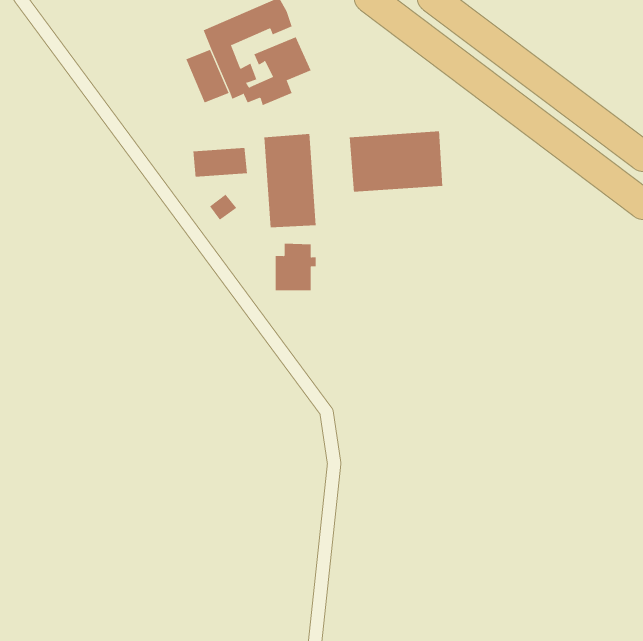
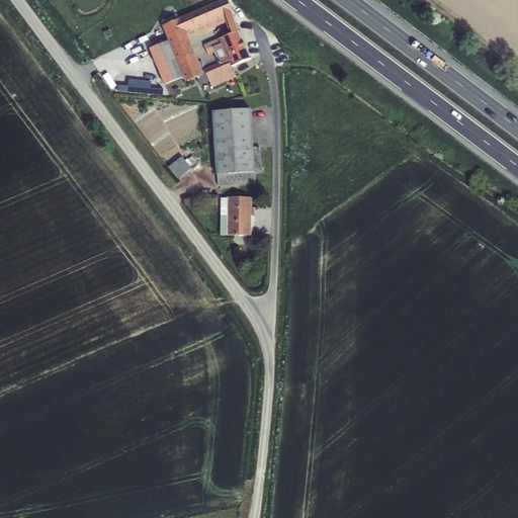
building: [349,131,443,193] -> none
building: [193,147,247,178] -> none

